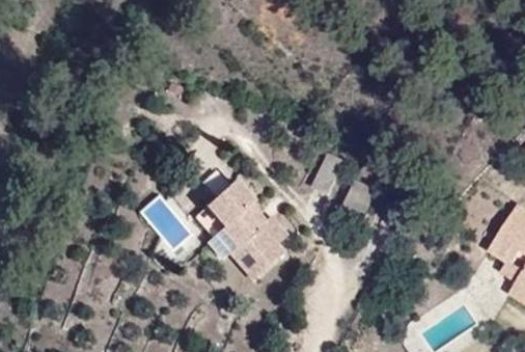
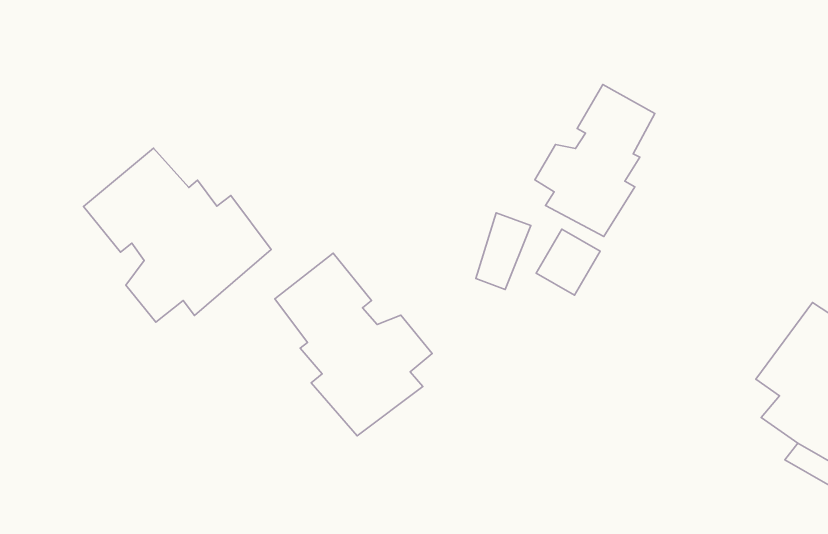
building: none -> [535,84,655,236]
building: none -> [83,148,271,322]

